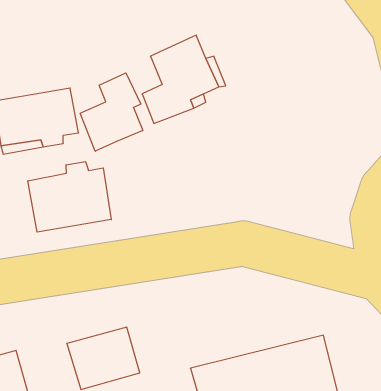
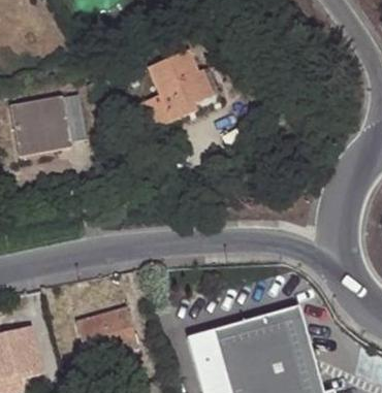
building: [80,73,143,151] -> none
building: [28,162,111,232] -> none

